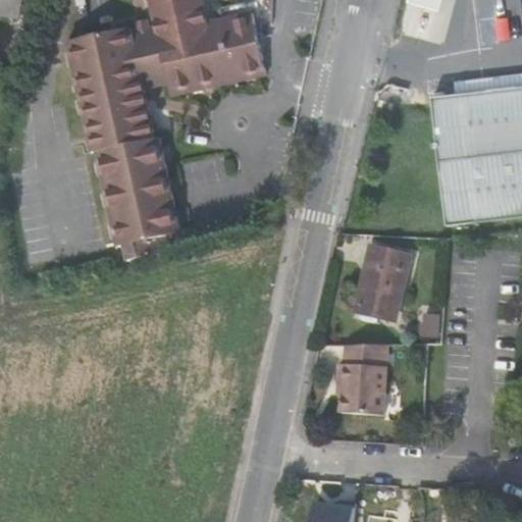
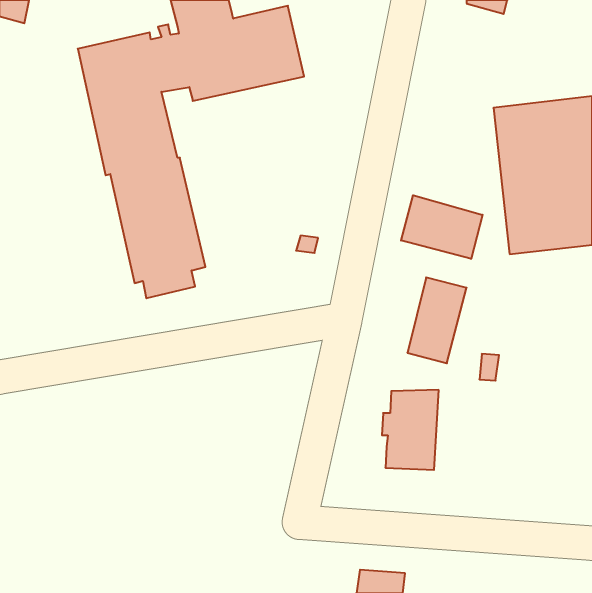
building: none -> [401,195,483,259]

